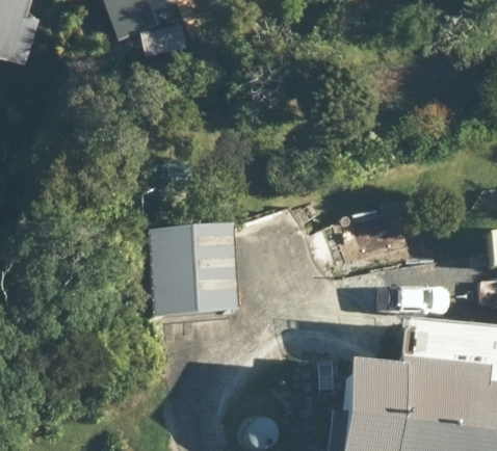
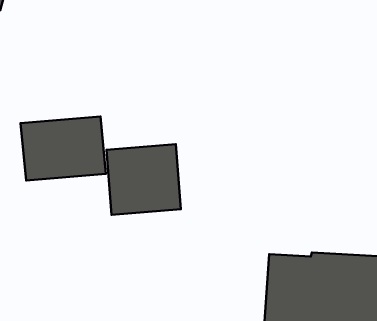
building: none -> [21,116,106,181]

